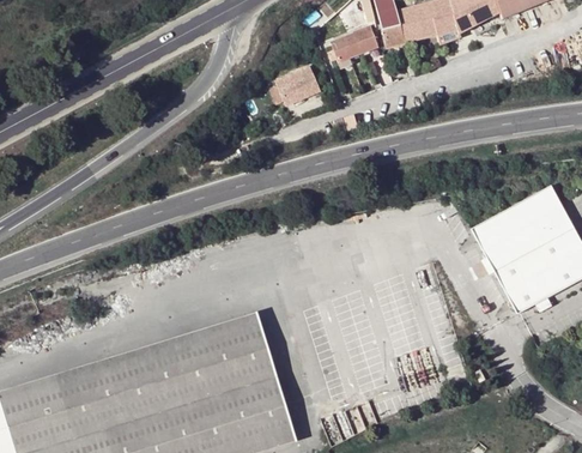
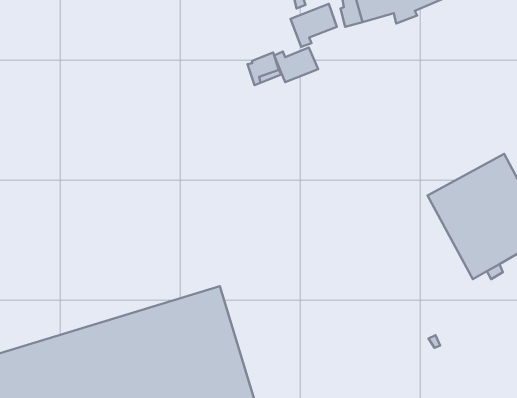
building: none -> [274,47,318,82]

